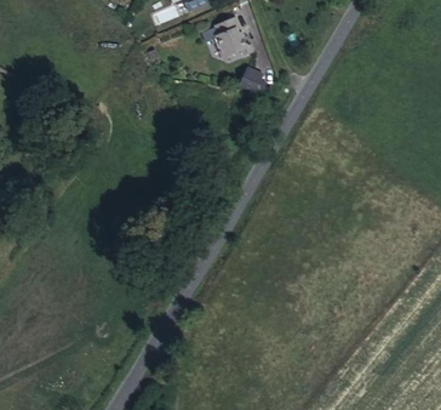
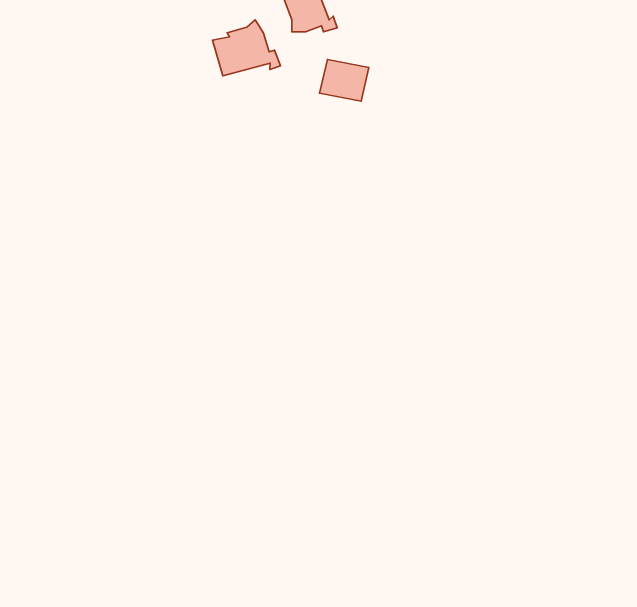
building: none -> [213,20,280,76]

